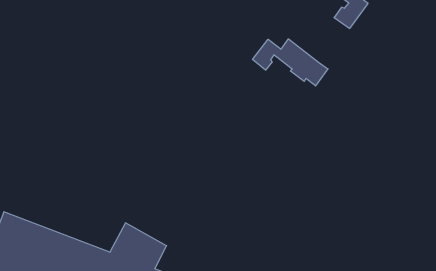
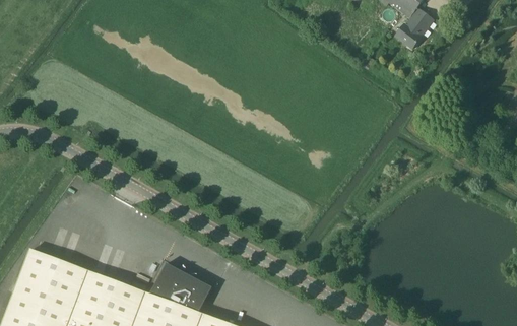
building: [253,39,328,86] -> none

